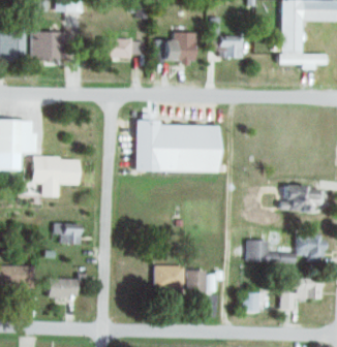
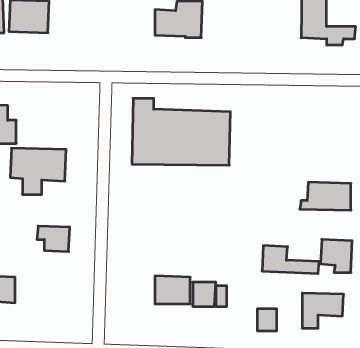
building: [219,36,244,58] -> none
building: [101,39,145,57] -> none
building: [51,278,81,298] -> none

